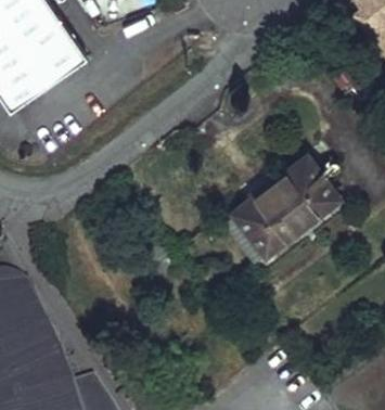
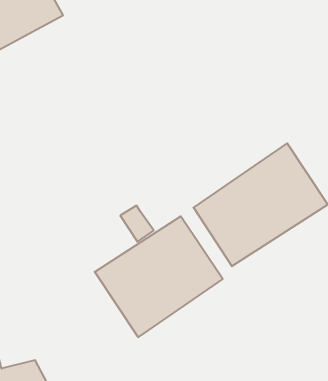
building: none -> [95,216,223,337]

